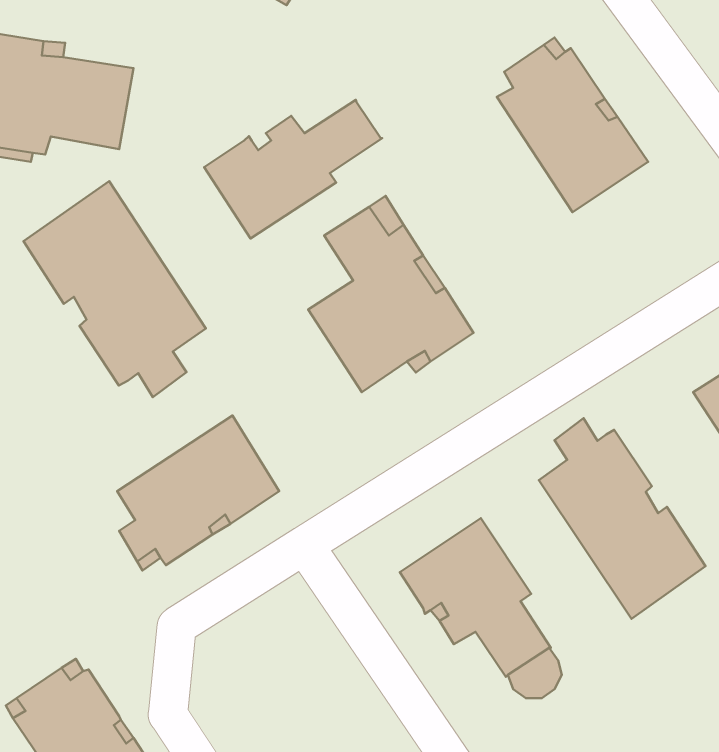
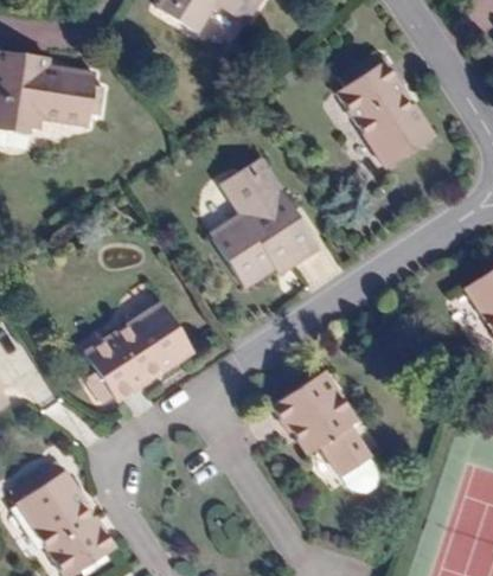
building: [204,100,382,238] -> none
building: [23,181,206,397] -> none
building: [539,418,706,619] -> none

